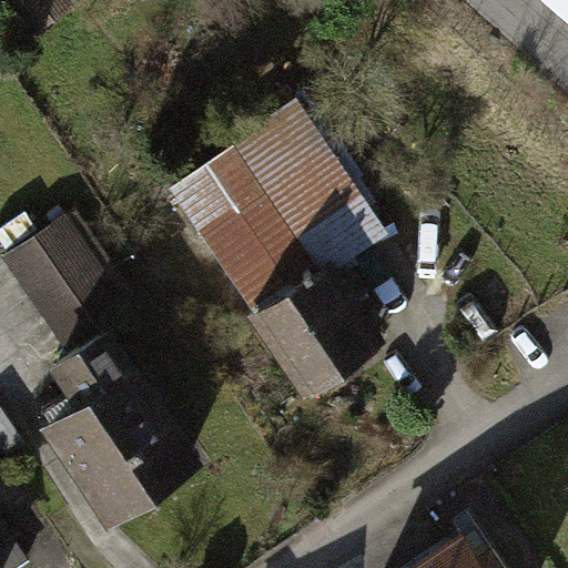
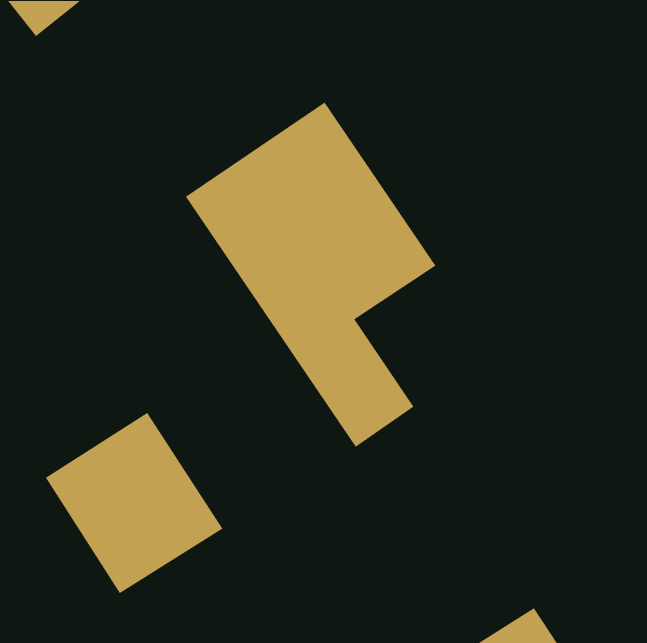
building: [6,215,135,362] -> none

